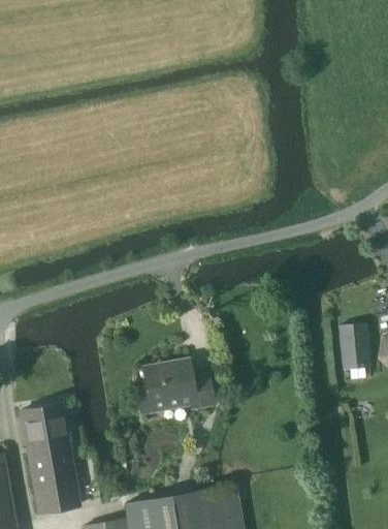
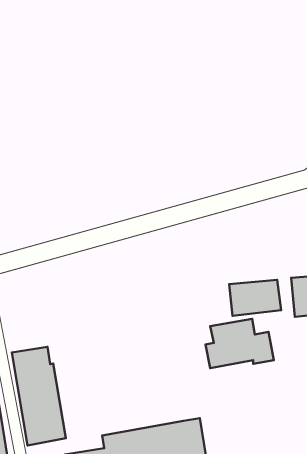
building: none -> [229,280,281,316]
building: [136,360,214,415] -> [206,319,274,368]

